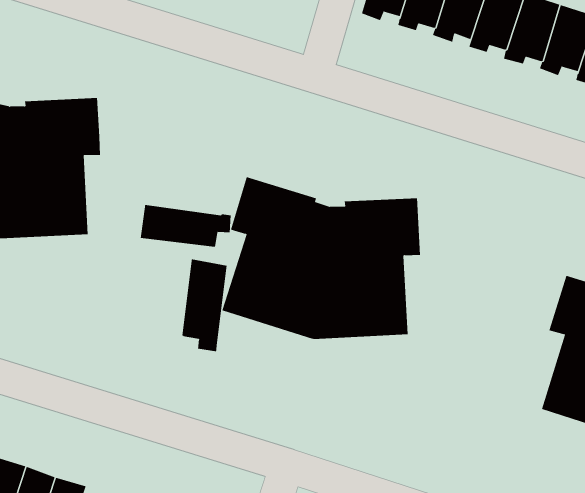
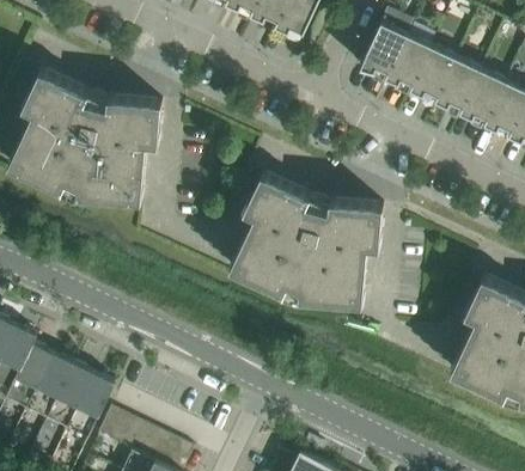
building: [140,204,231,248] -> none
building: [182,258,227,352] -> none

